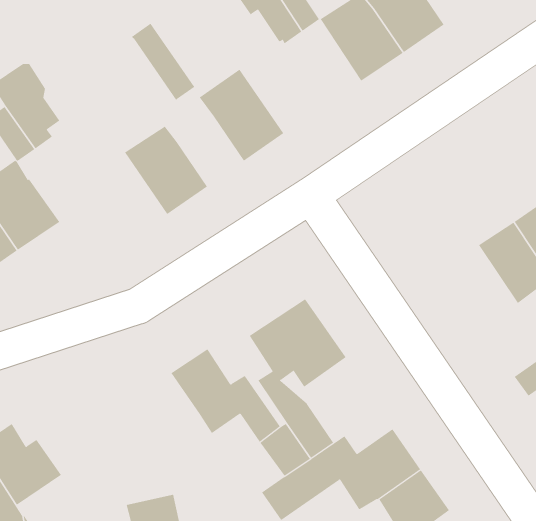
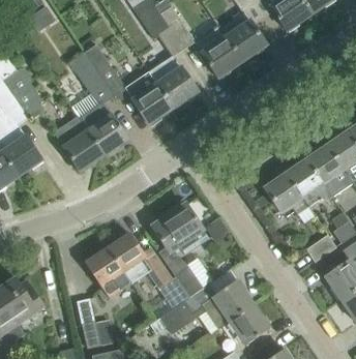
building: none -> [70,53,116,103]
building: none -> [148,54,198,108]
building: none -> [58,118,106,171]
building: none -> [265,173,309,216]
building: none -> [86,247,131,297]

